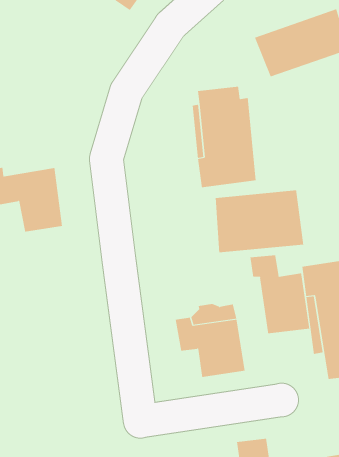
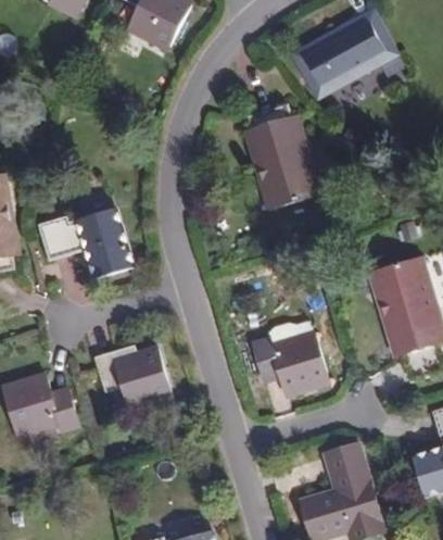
building: [215,189,304,253] -> none
building: [250,254,310,334] -> none
building: none -> [96,346,170,410]

